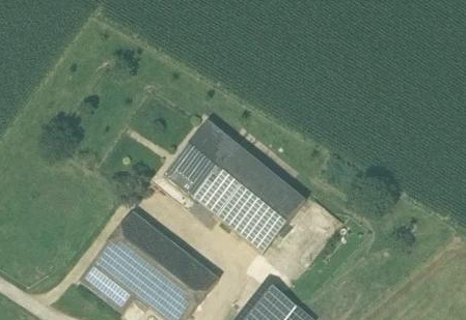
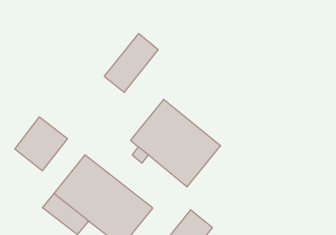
building: [165,121,234,196] -> [104,34,158,92]
building: none -> [15,117,68,171]

